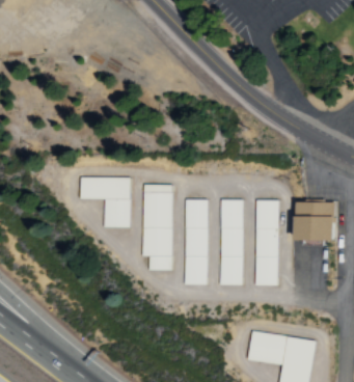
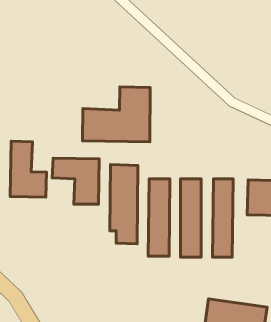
building: none -> [82,87,150,142]
building: none -> [10,141,47,197]

